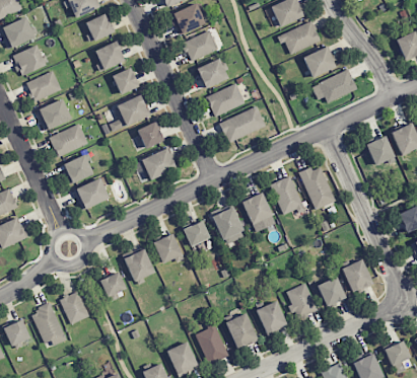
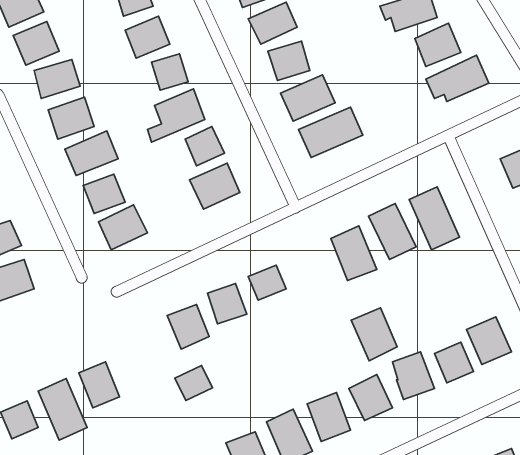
building: [212,207,246,245] -> [351,308,397,361]
building: [99,272,127,297] -> [175,366,213,401]

